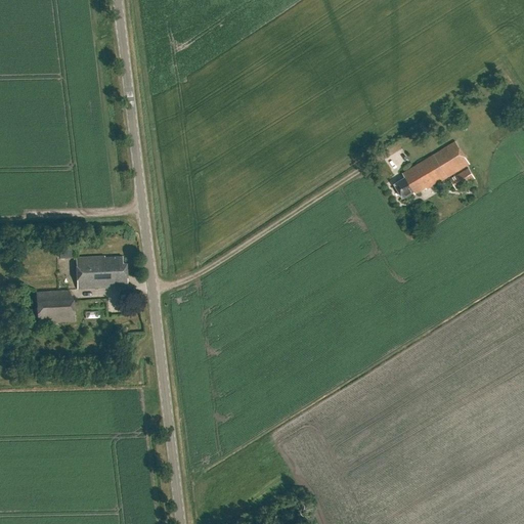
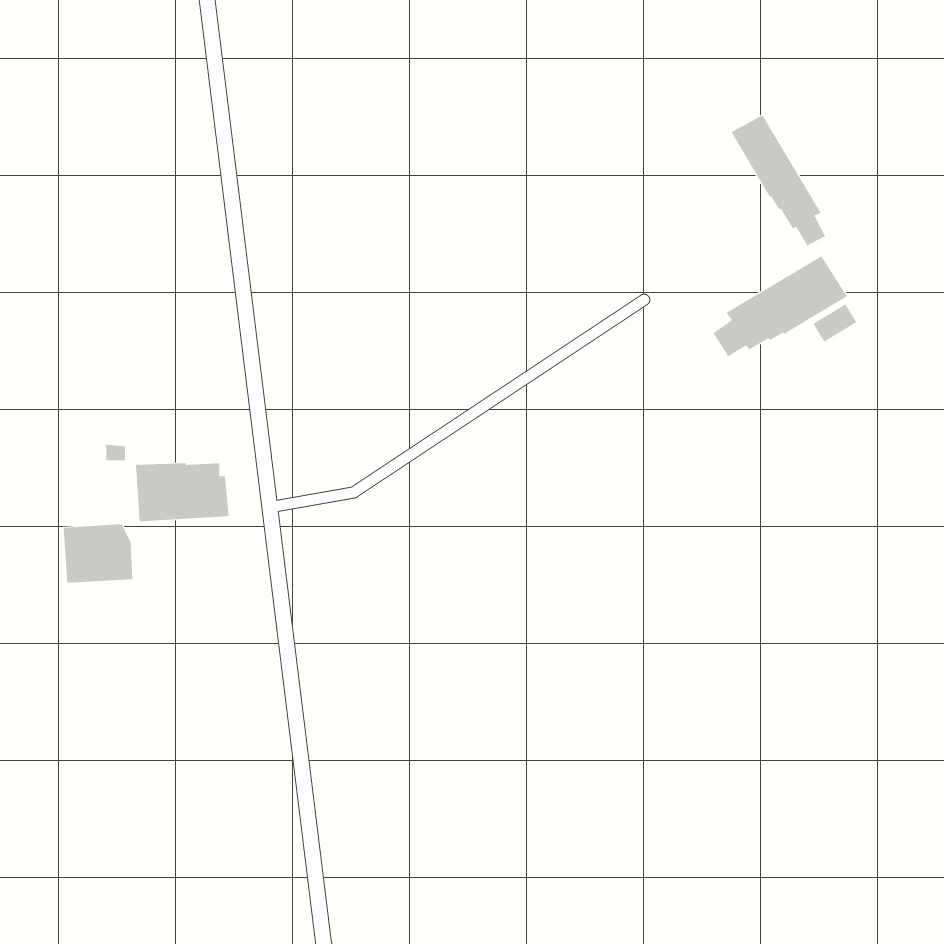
building: none -> [731,114,826,247]

